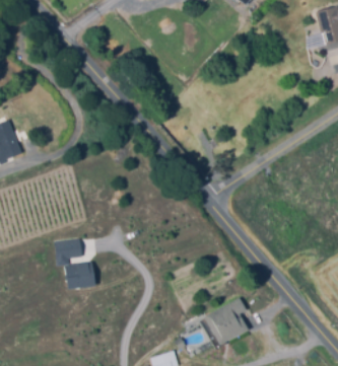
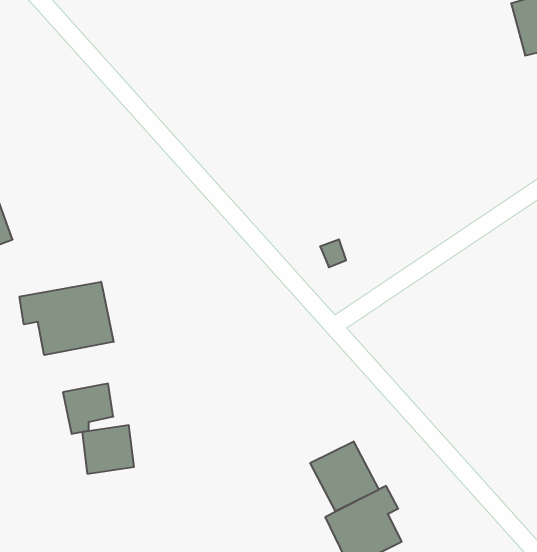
building: none -> [20,282,114,355]
building: none -> [310,441,379,511]

